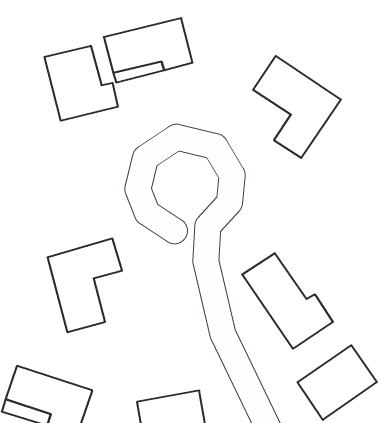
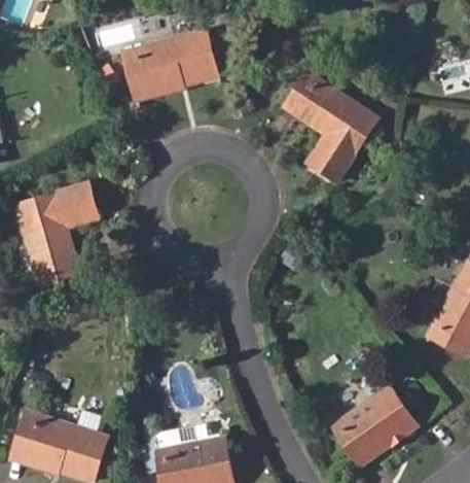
building: [44,46,118,121] -> none
building: [47,239,122,332] -> [16,184,98,286]
building: [242,253,333,349] -> none

